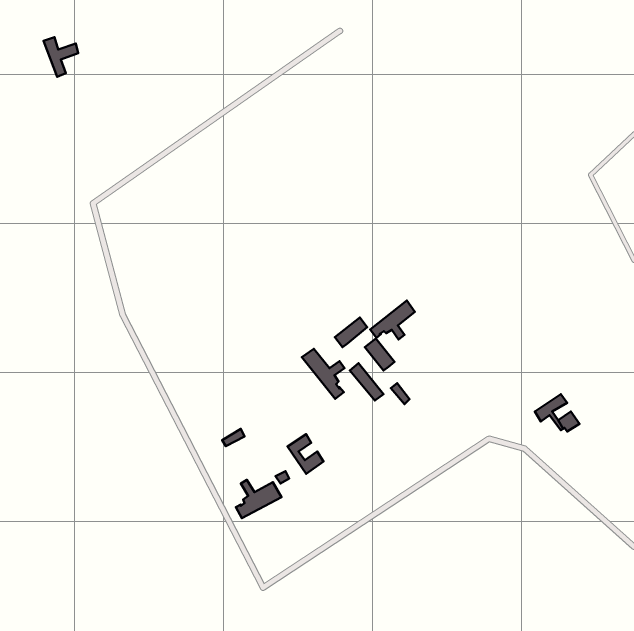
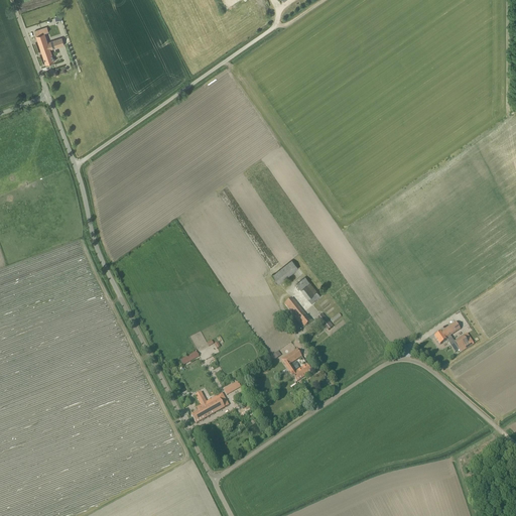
building: [370,300,415,339] -> none
building: [302,349,345,399] -> none
building: [287,434,323,474] -> [282,348,311,380]

